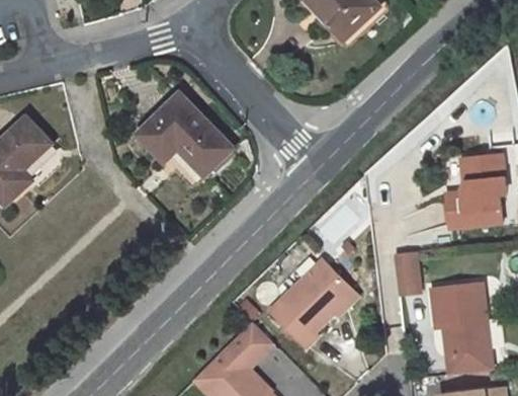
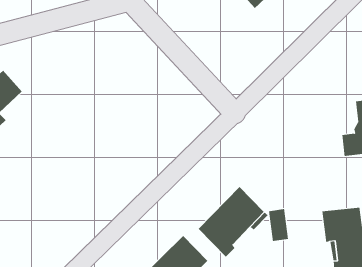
building: [137,91,231,172] -> none
building: [395,253,421,295] -> [268,209,289,242]

